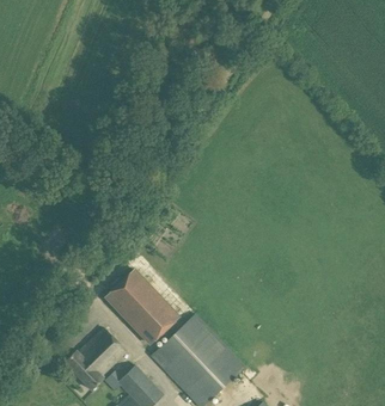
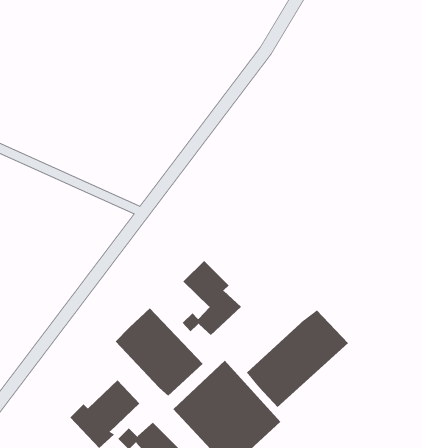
building: none -> [182,260,242,336]
building: none -> [246,309,349,408]

